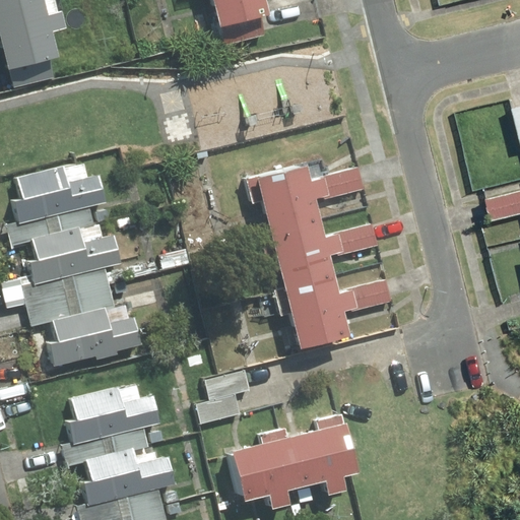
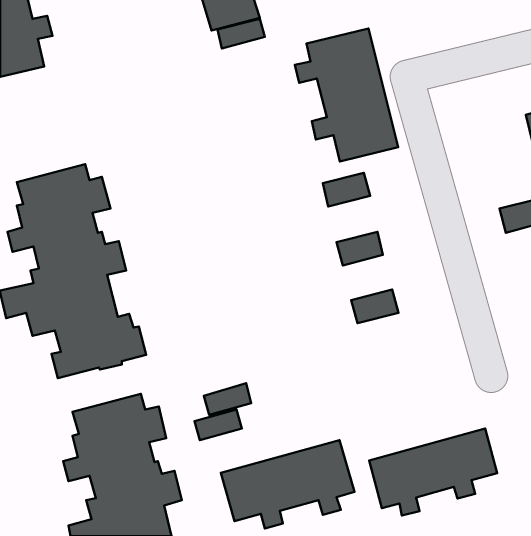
building: none -> [295,28,398,161]
building: [244,167,346,350] -> none
building: none -> [369,429,497,516]

